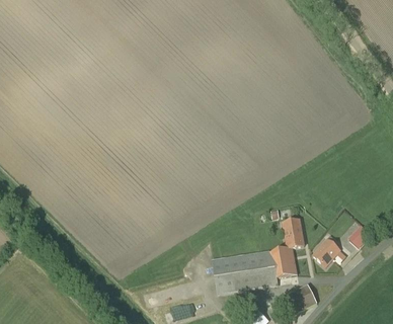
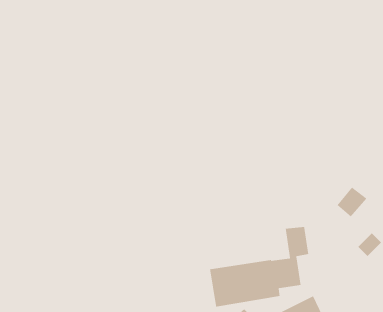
building: [312,238,340,266] -> [337,187,367,217]

